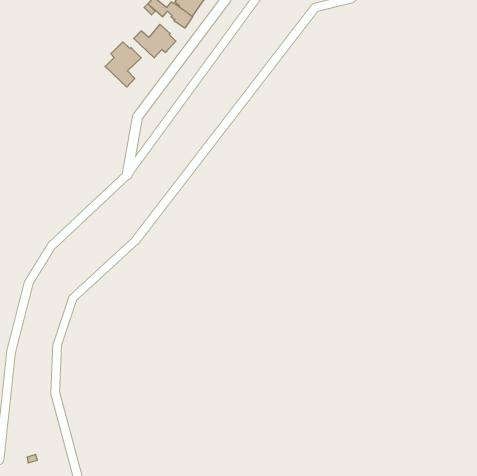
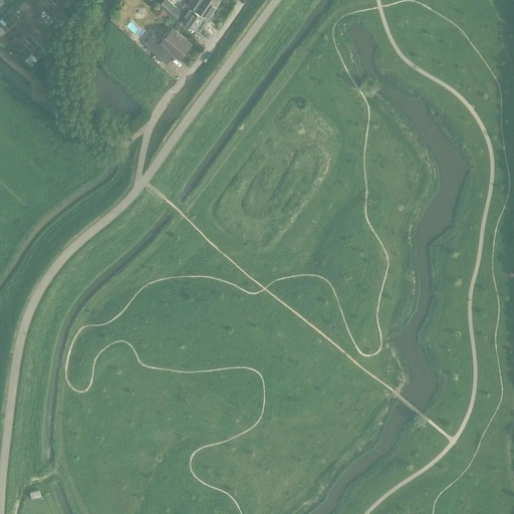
building: [105,42,141,87] -> none

